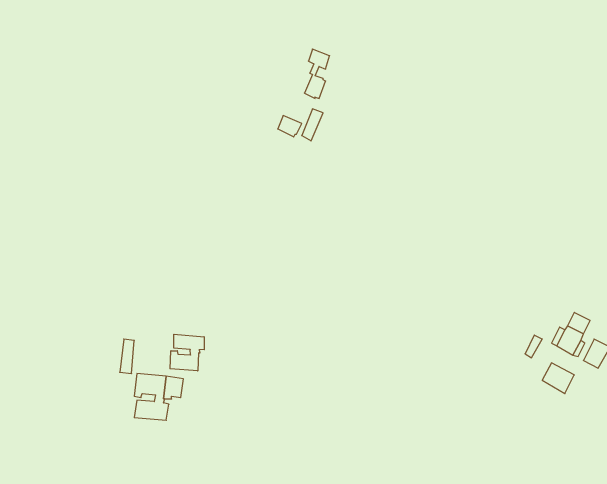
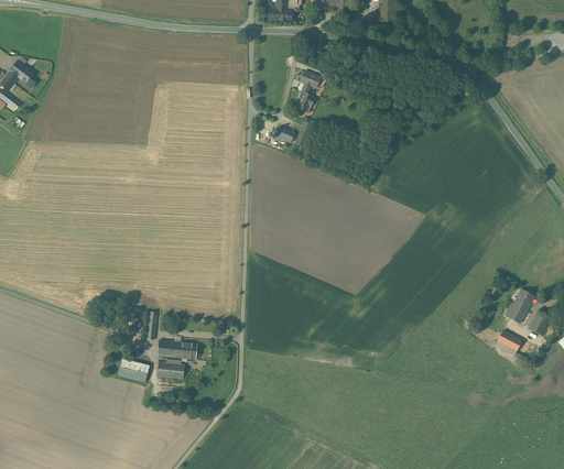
building: [170,334,204,371] -> none
building: none -> [118,358,150,381]

